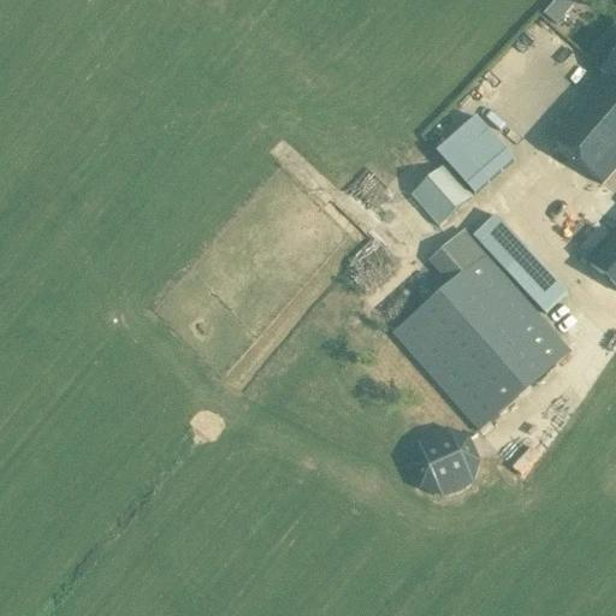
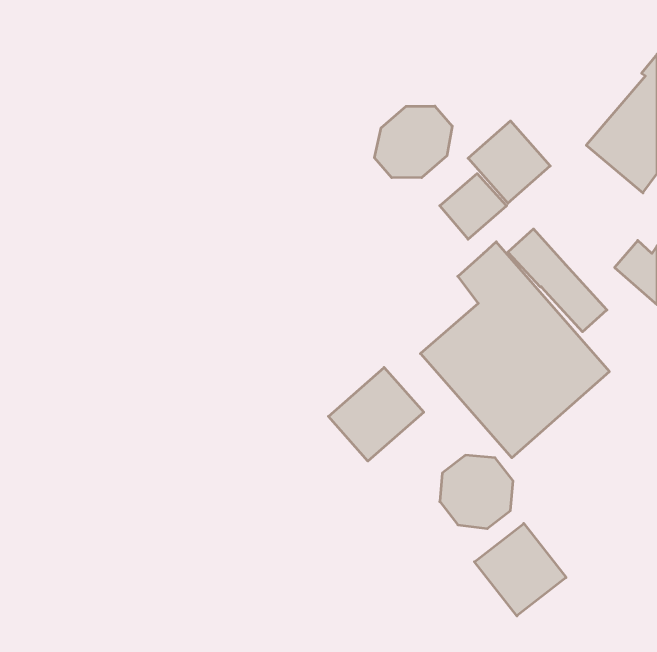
building: none -> [374,106,452,178]
building: none -> [328,367,424,461]
building: none -> [474,523,566,616]

